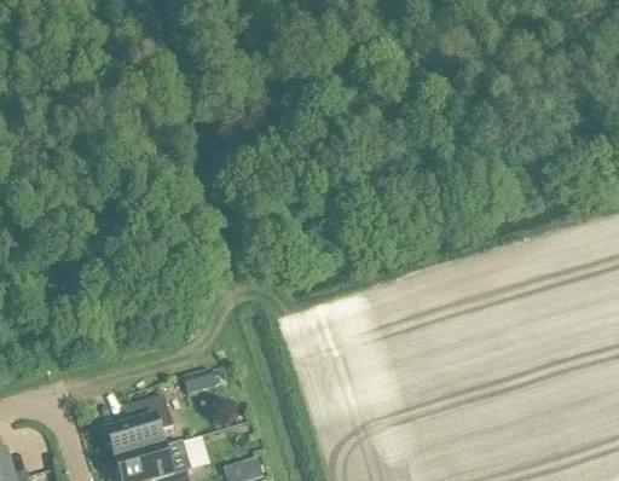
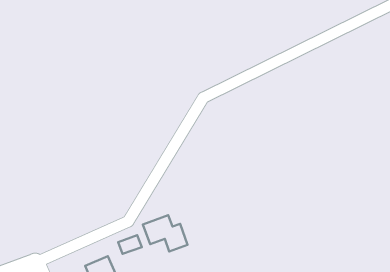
building: none -> [143,215,188,251]

